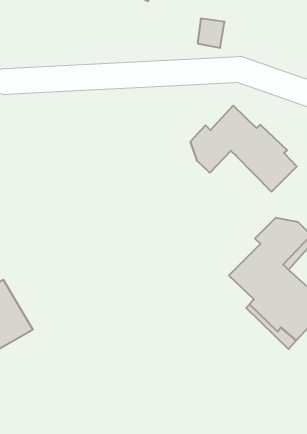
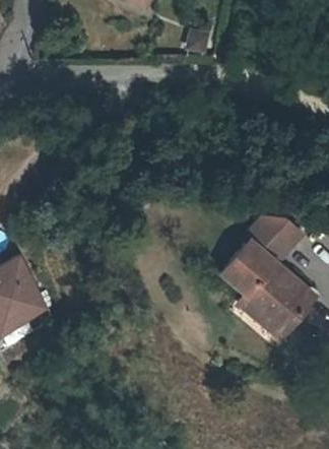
building: [191,106,297,192] -> none

